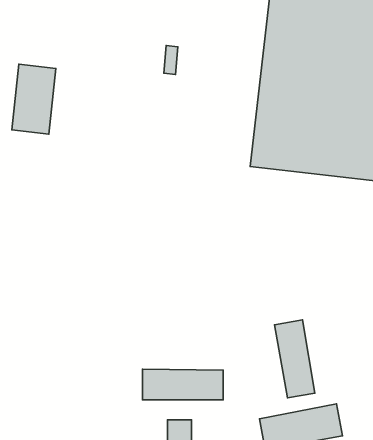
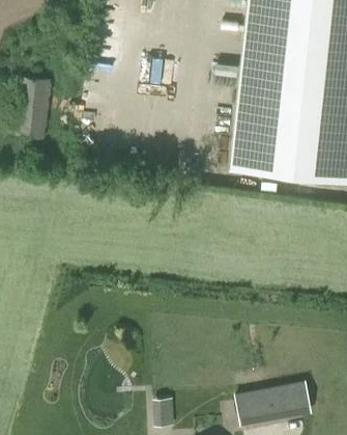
building: [274,320,315,398] -> none
building: [142,369,223,400] -> none

